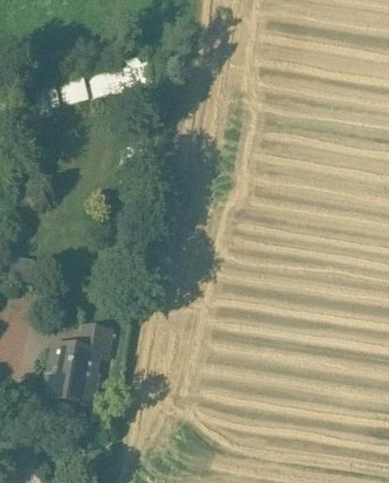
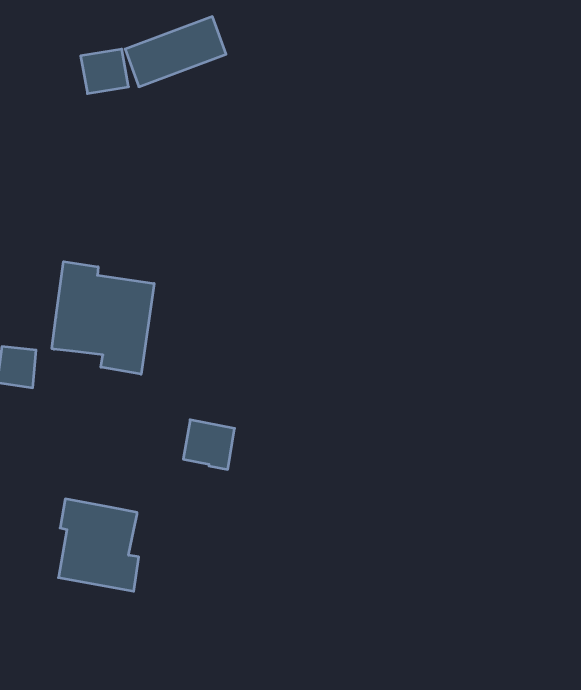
building: none -> [52,262,154,374]
building: [81,327,112,357] -> [183,420,235,469]

